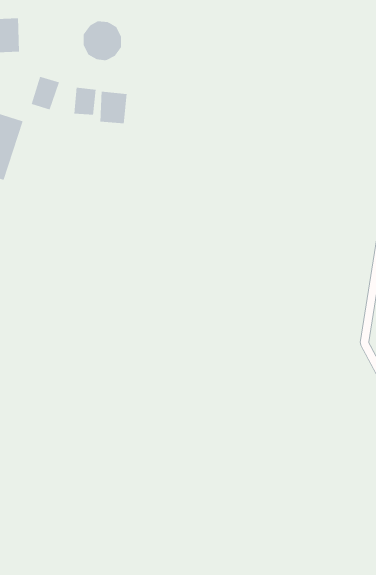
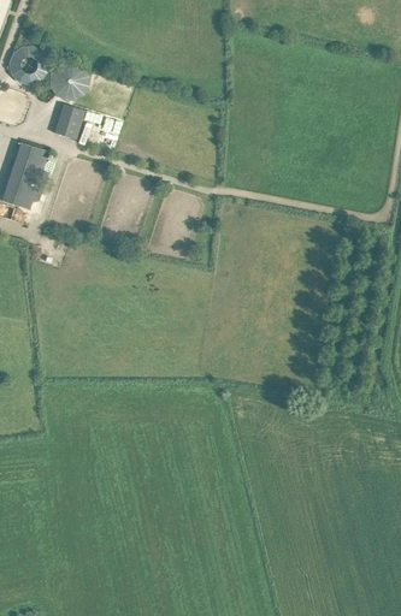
building: [83,21,122,61] -> [51,60,89,100]
building: [100,91,127,124] -> none

